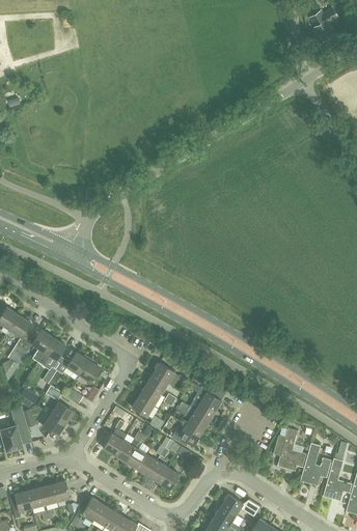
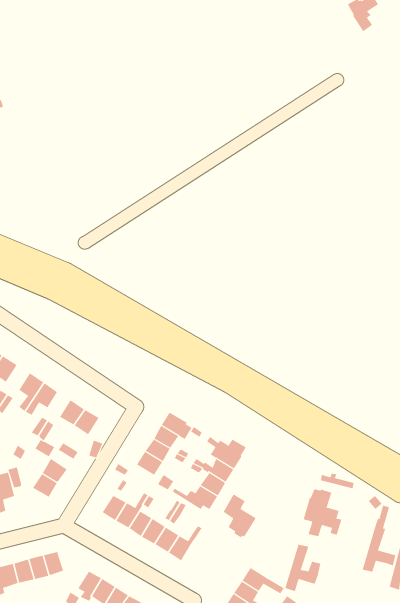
building: none -> [223,493,257,539]
building: [299,443,330,483] -> [285,544,321,592]

